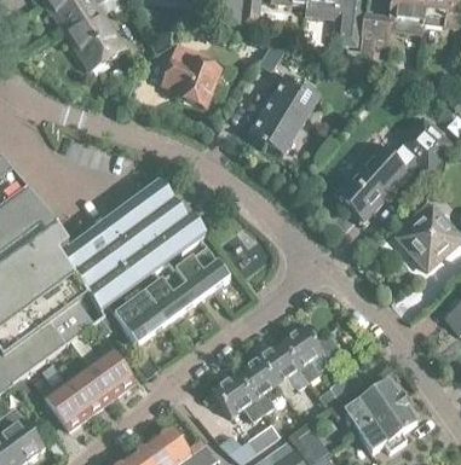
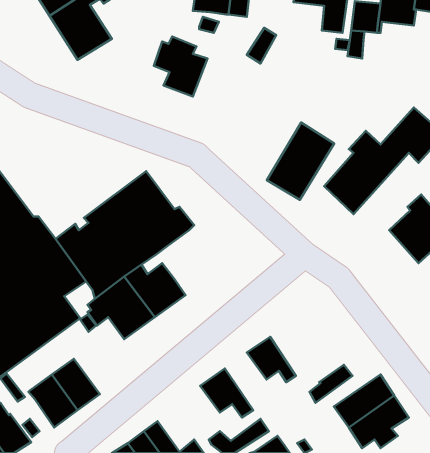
building: [252,76,318,152] -> [267,123,334,200]
building: [168,245,230,301] -> none
building: [281,326,340,383] -> none
building: [87,347,136,399] -> none
building: [236,358,277,414] -> none

